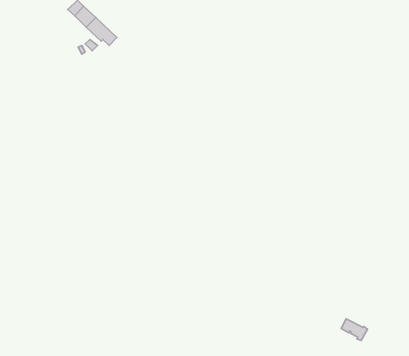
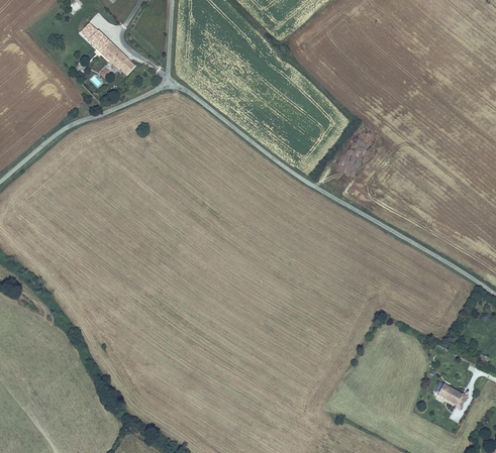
building: [341,319,367,341] -> [437,384,468,410]

